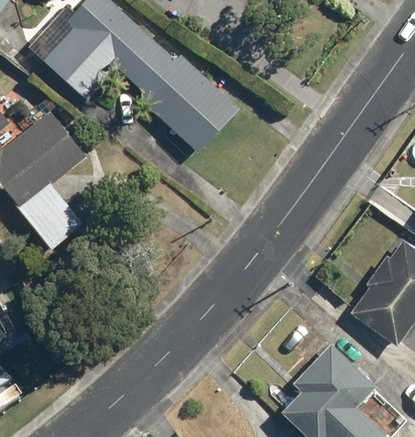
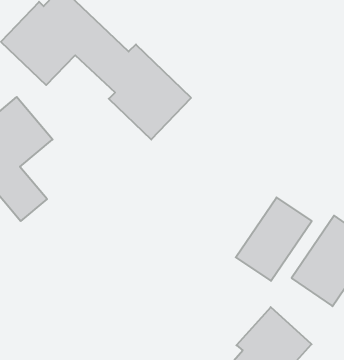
building: none -> [236,197,312,281]

